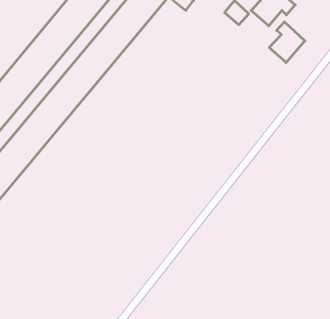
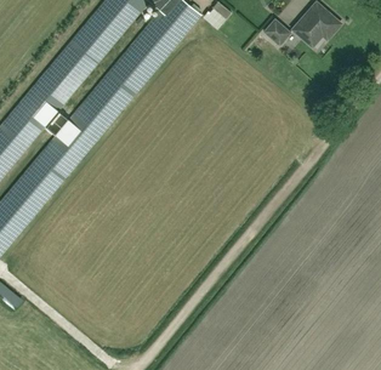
building: [269,22,305,63] -> none

